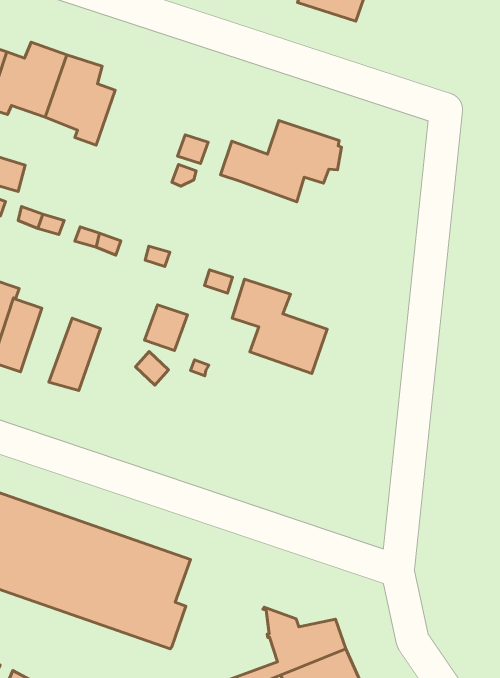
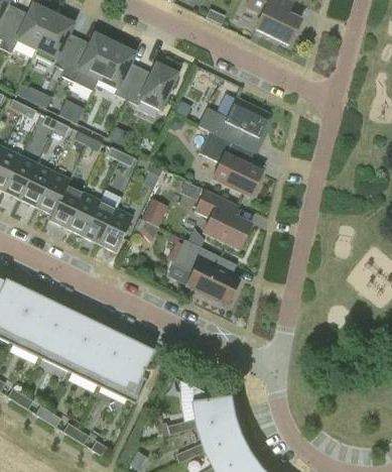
building: none -> [126,63,177,109]
building: none -> [199,130,261,196]
building: none -> [66,192,100,236]
building: none -> [99,208,133,251]
building: none -> [172,239,238,304]

